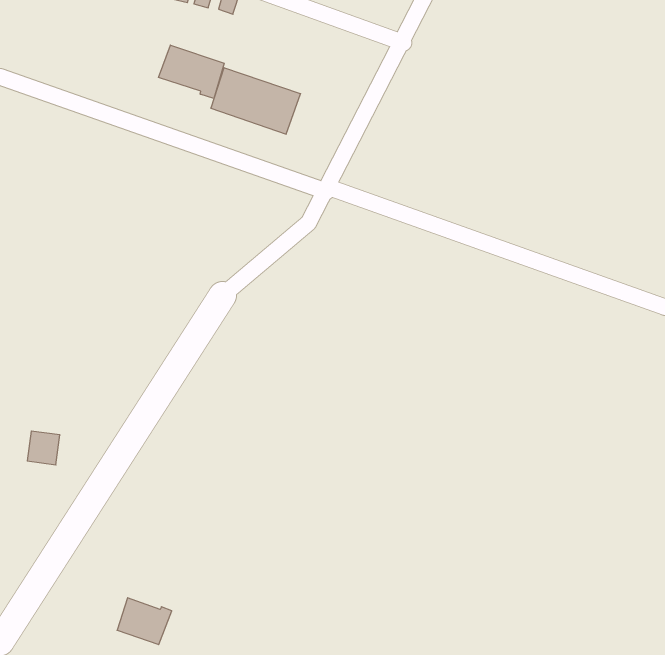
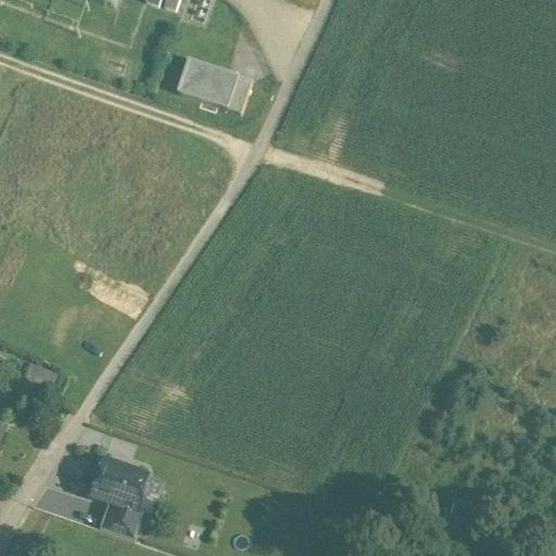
building: [158,45,224,98] -> none
building: none -> [89,456,147,508]

